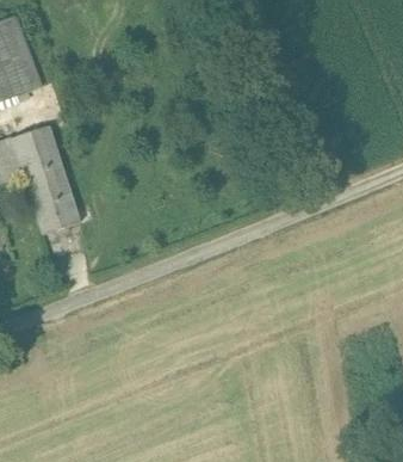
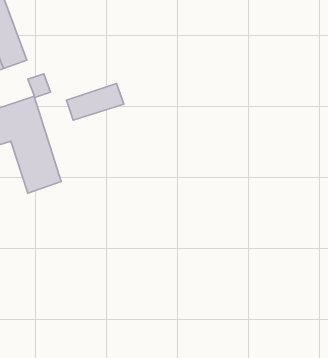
building: none -> [66,84,124,120]

